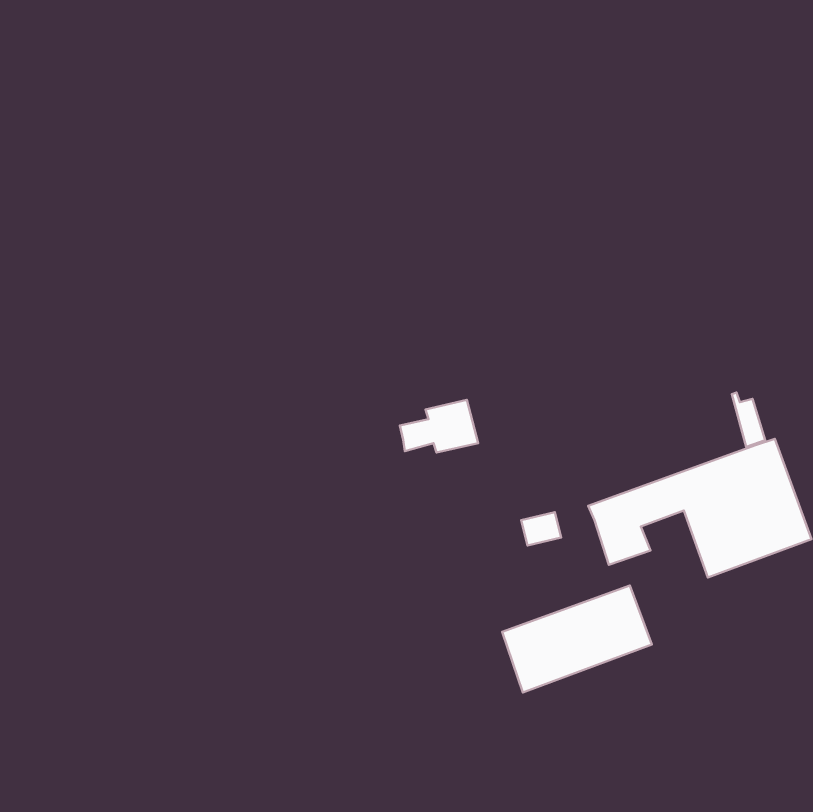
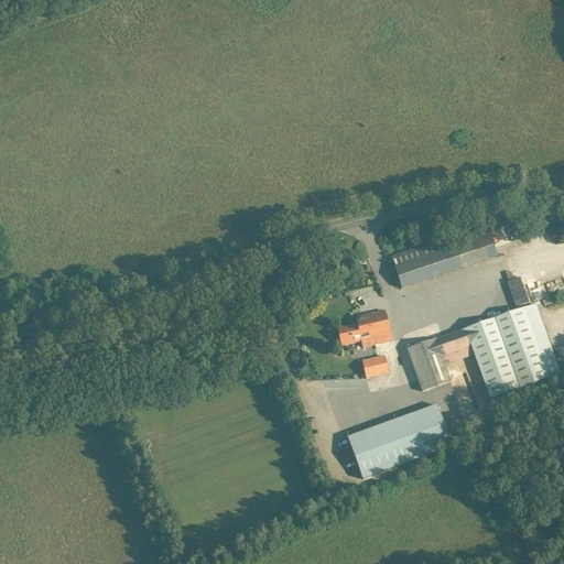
building: none -> [391,224,496,286]
building: [400,400,478,453] -> [337,310,391,346]

